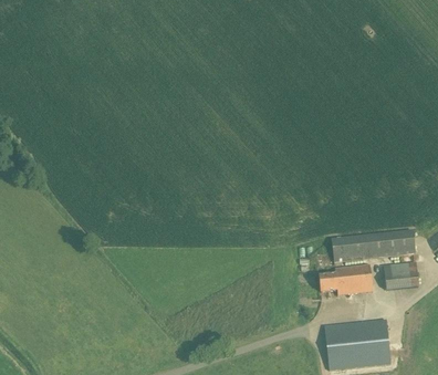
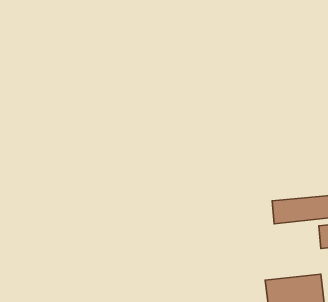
building: [319,263,372,295] -> none

